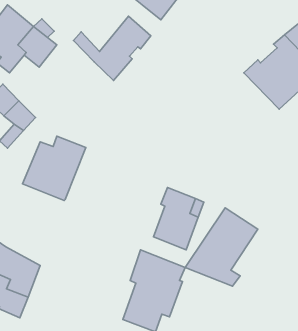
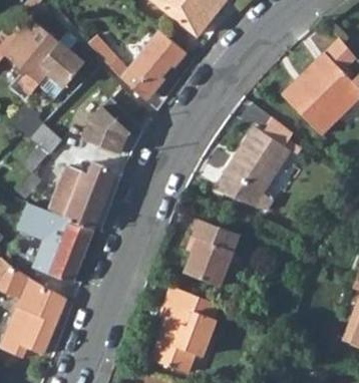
building: none -> [81,107,136,155]
building: none -> [30,213,90,285]
building: [185,208,258,286] -> [214,125,292,210]

